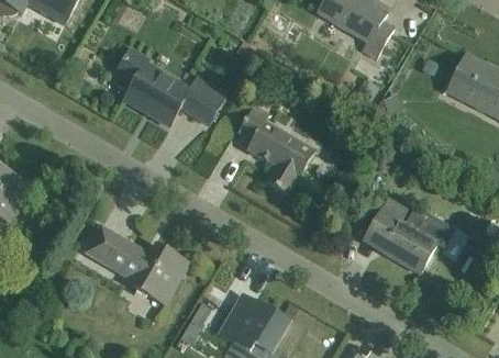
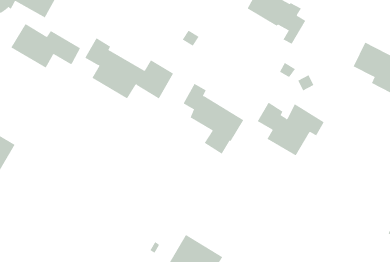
building: none -> [10,23,81,69]
building: [369,204,454,272] -> [257,102,324,156]
building: [86,225,187,303] -> none

